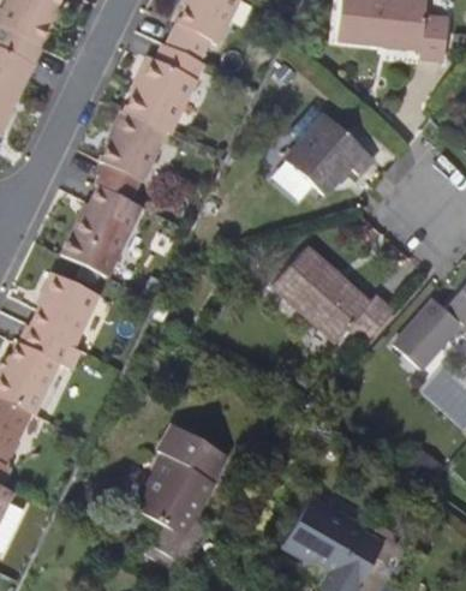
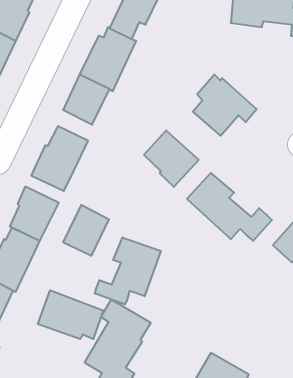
building: none -> [144,130,199,187]
building: none -> [63,205,109,256]
building: none -> [95,237,161,304]
building: none -> [38,290,104,339]

